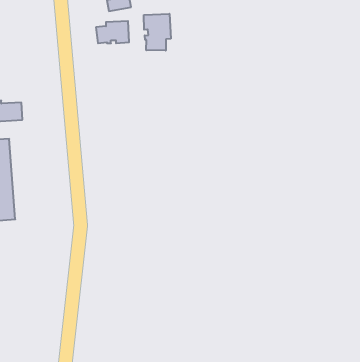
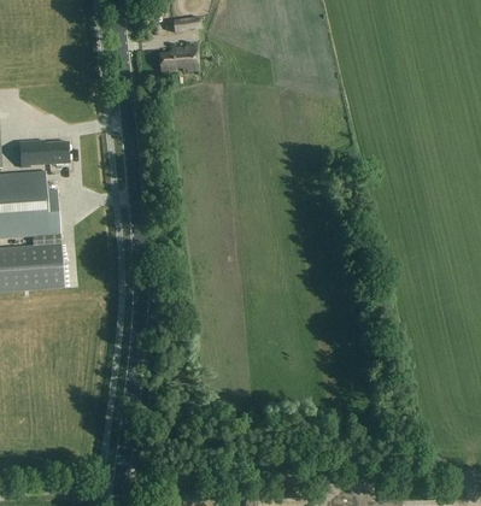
building: [144,14,171,51] -> none

